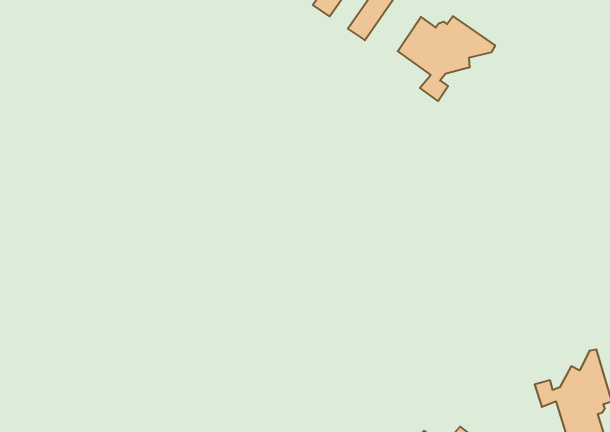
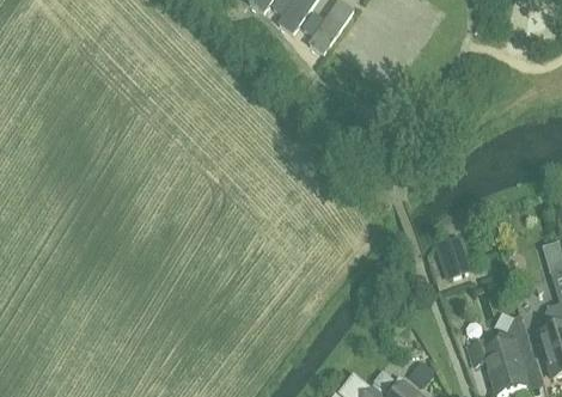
building: [398,16,495,101] -> none

